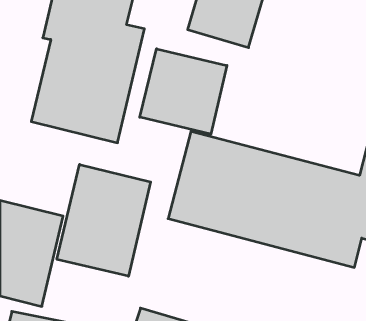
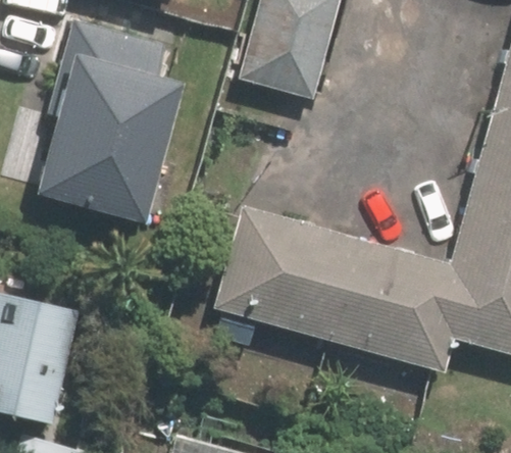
building: [140,49,227,134] -> none
building: [57,164,151,276] -> none

